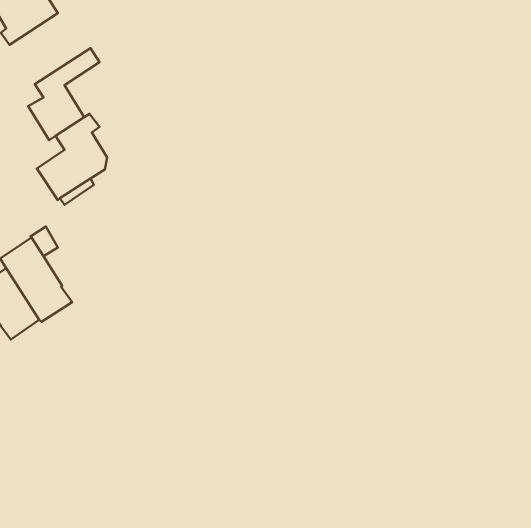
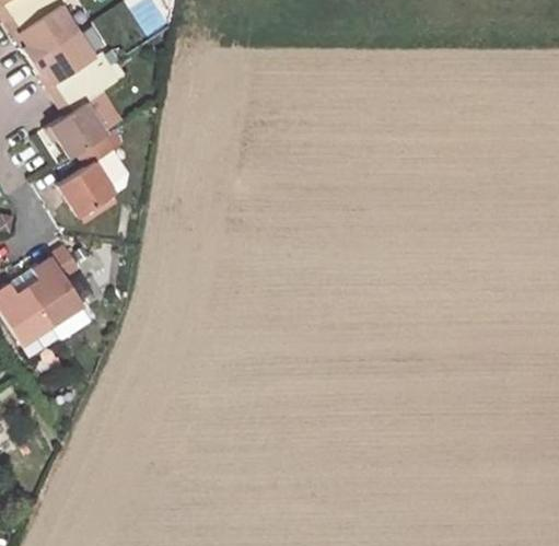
building: none -> [28,27,109,98]

